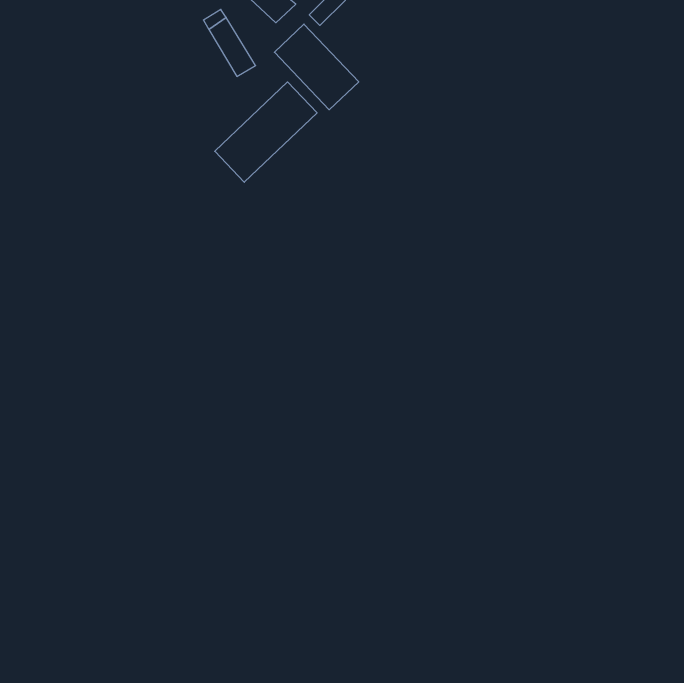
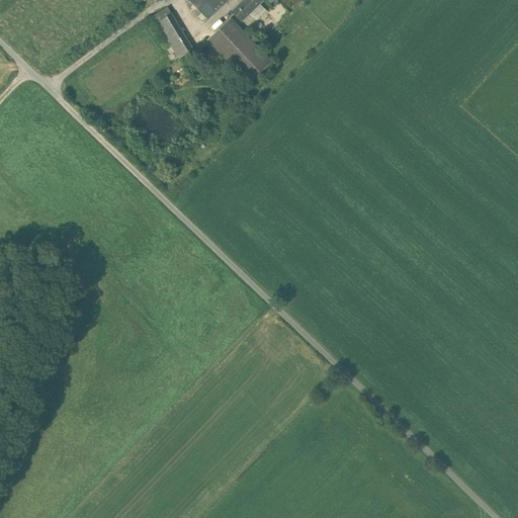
building: [215,82,317,182] -> none

